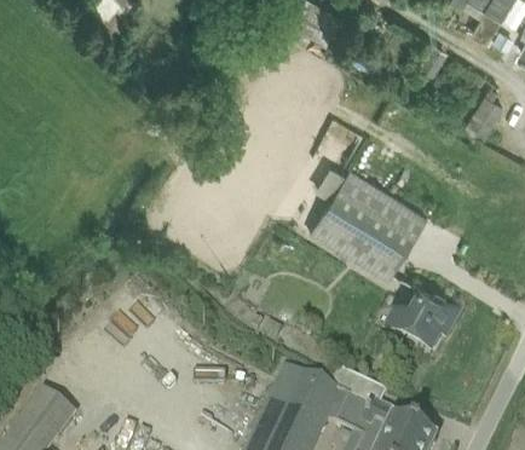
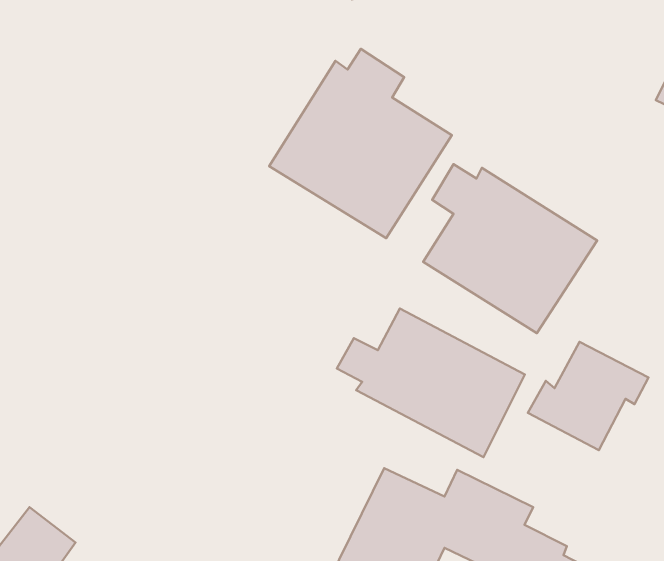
building: none -> [269,49,452,238]
building: none -> [337,308,525,457]

